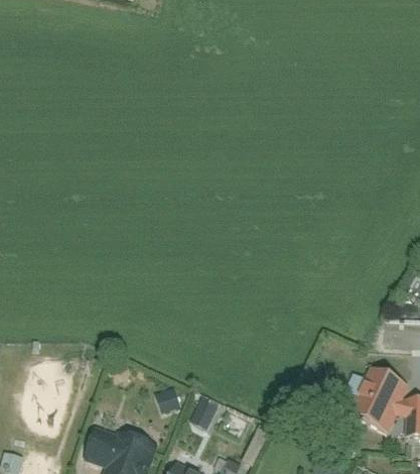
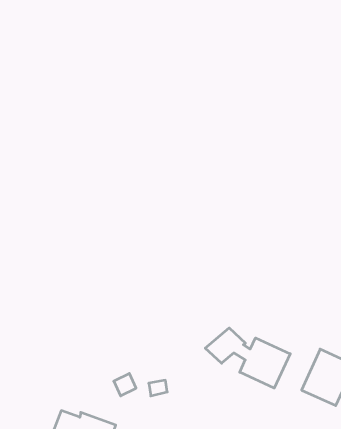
building: none -> [205,328,290,388]

